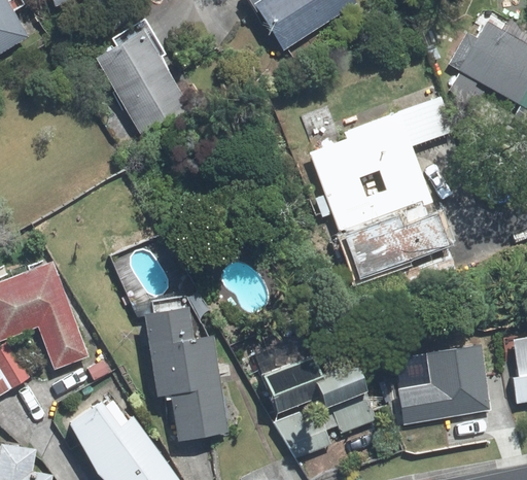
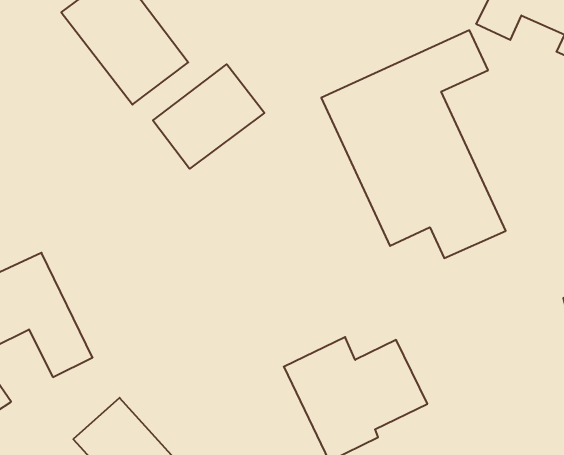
building: none -> [153,64,264,169]
building: [139,293,230,441] -> none
building: [390,342,493,424] -> none

